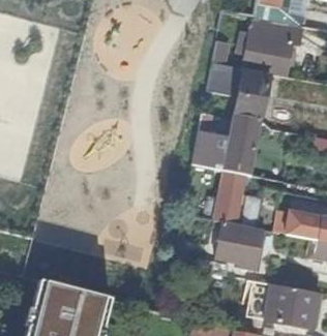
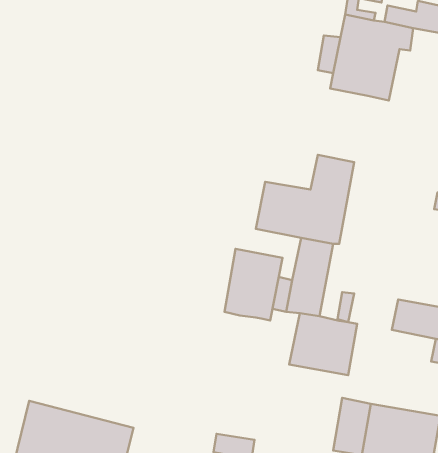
building: [206,62,269,118] -> none
building: none -> [224,249,282,320]

